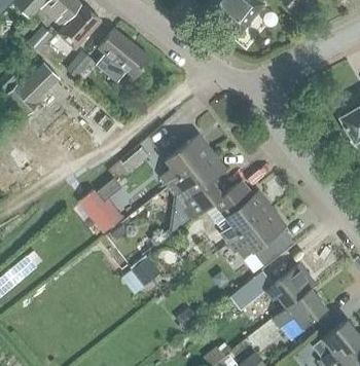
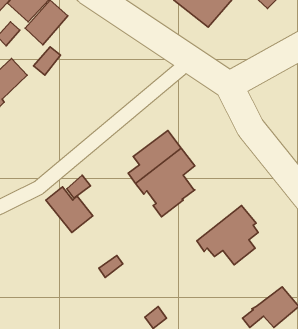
building: [96,28,150,82] -> none
building: [213,182,272,243] -> none
building: [230,262,317,309] -> none

